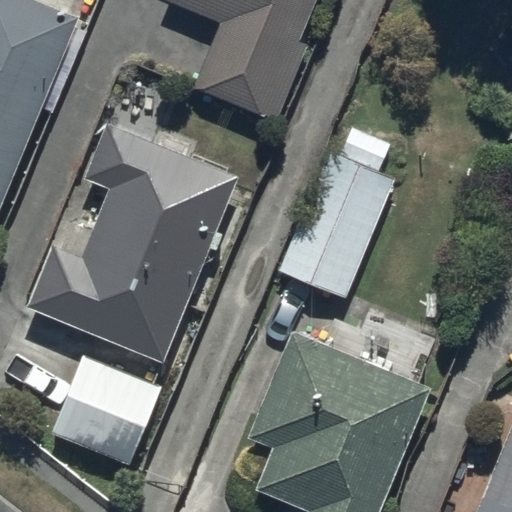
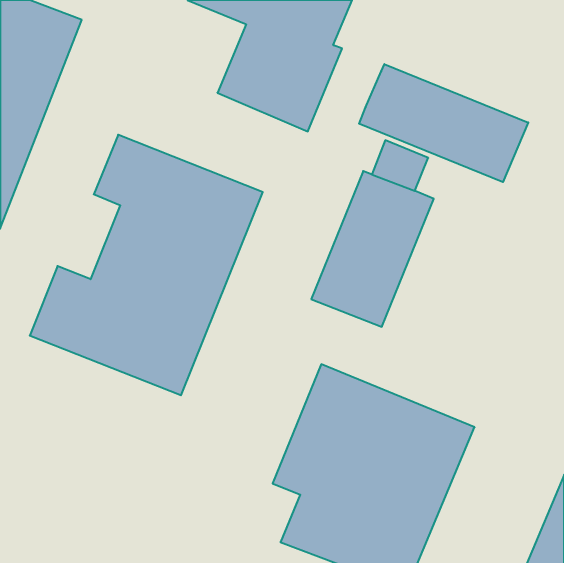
building: none -> [359,64,528,182]
building: [49,357,160,467] -> none

